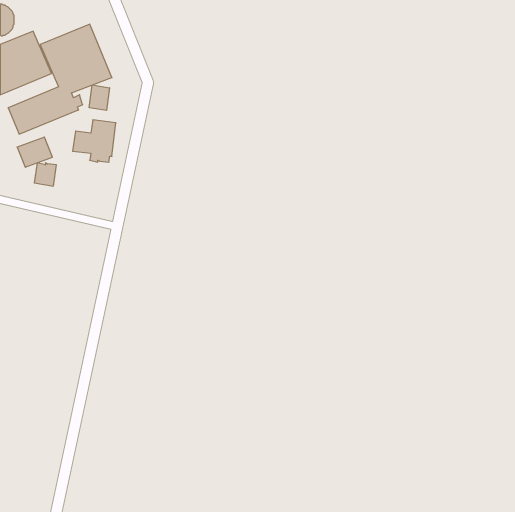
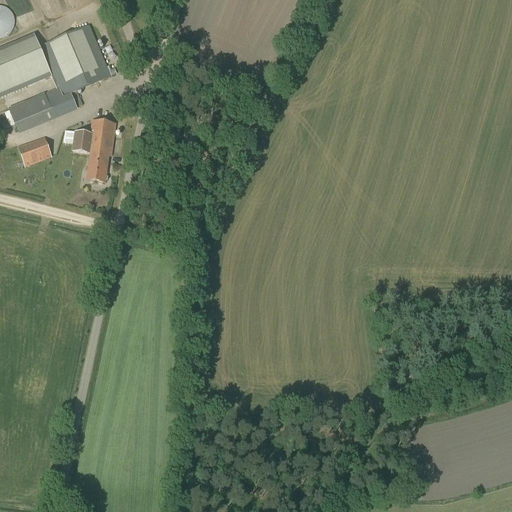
building: [89,85,109,110] -> none
building: [34,163,56,186] -> [86,159,108,182]

